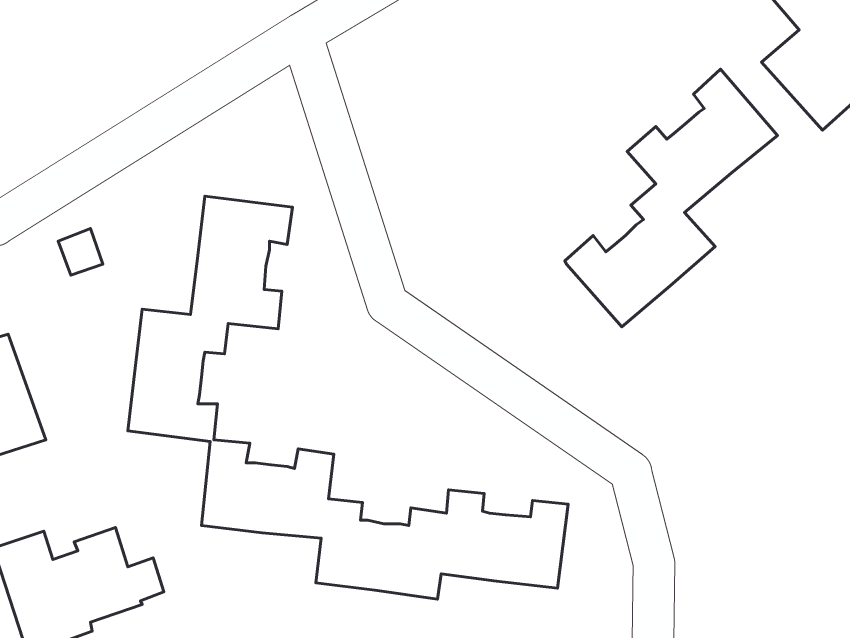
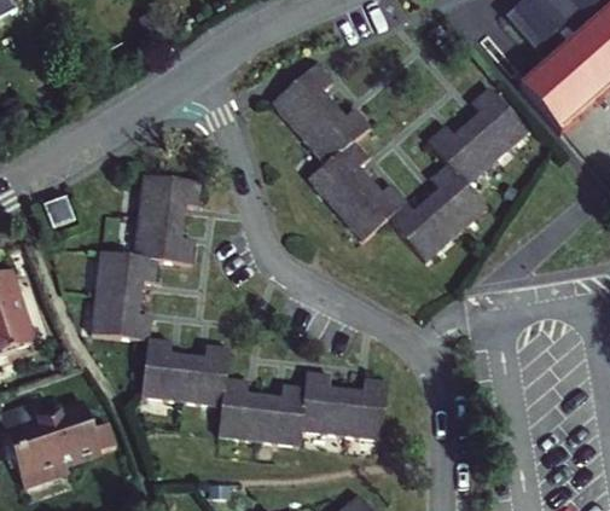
building: none -> [271,64,405,240]

